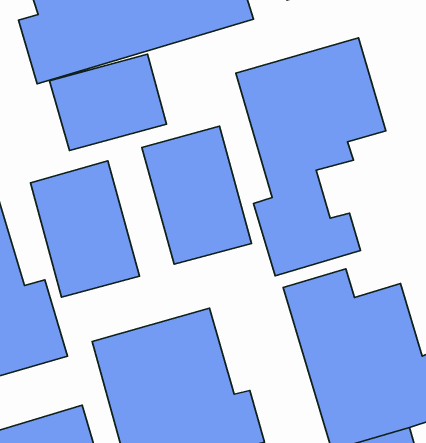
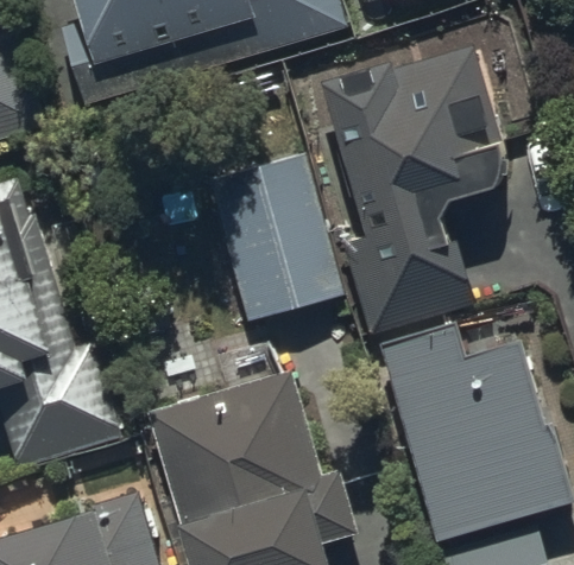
building: [50,54,166,151] -> none
building: [30,161,139,297] -> none

